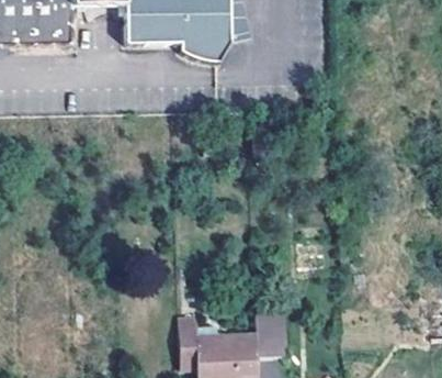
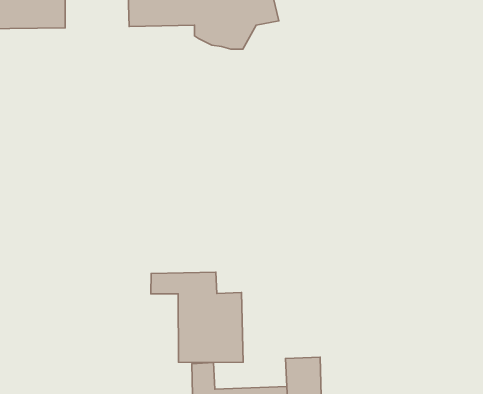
building: none -> [151,272,243,362]

